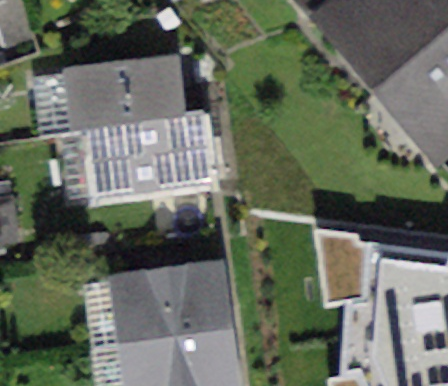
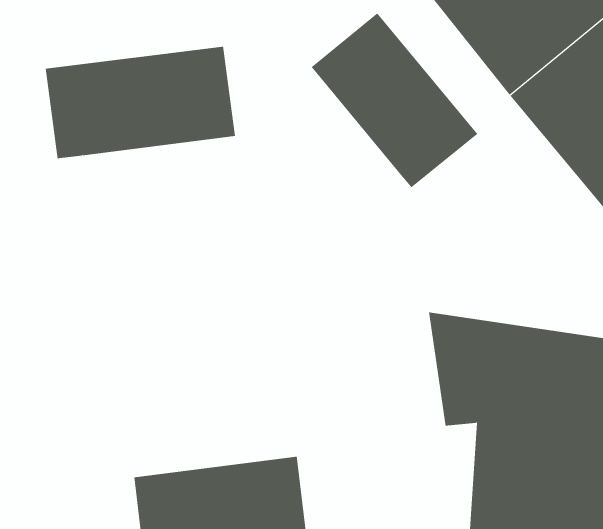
building: none -> [311,13,478,188]
building: [84,111,212,201] -> none
building: [110,261,227,341] -> none

